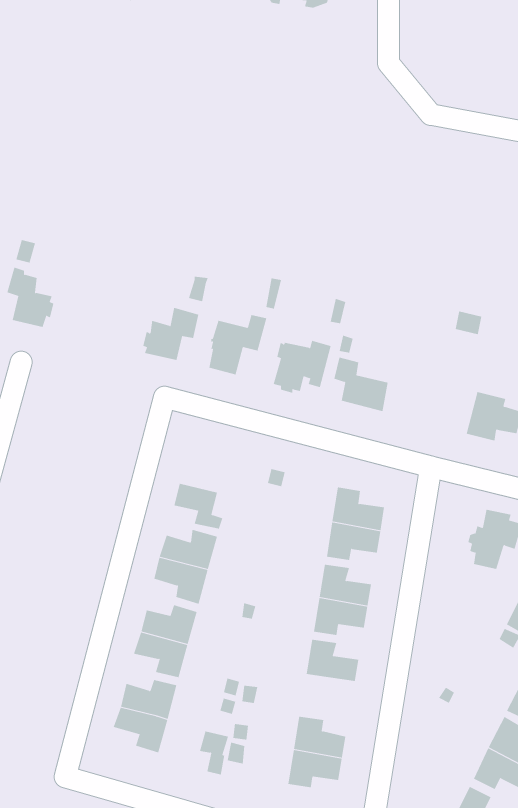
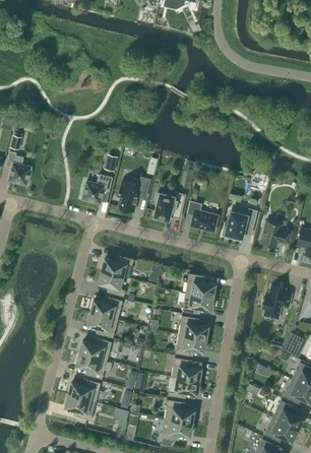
building: none -> [226,209,257,239]
building: none -> [102,256,134,276]
building: none -> [169,378,199,398]

